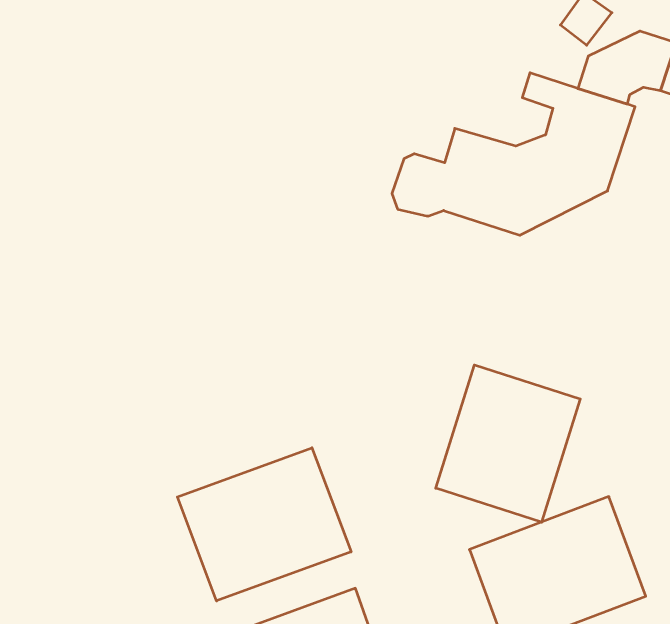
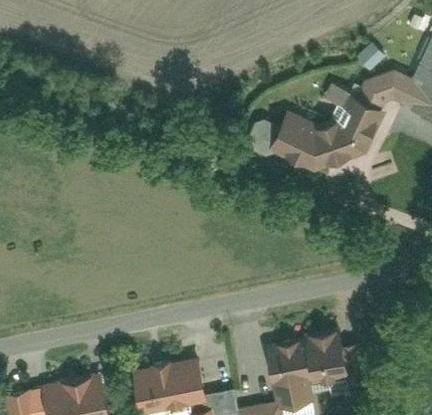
building: [436,365,580,522] -> none
building: [177,448,351,601] -> none

